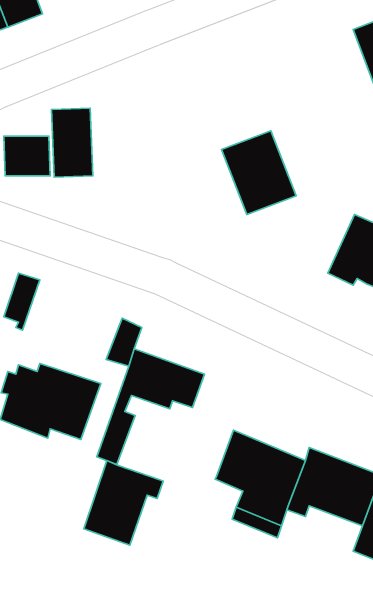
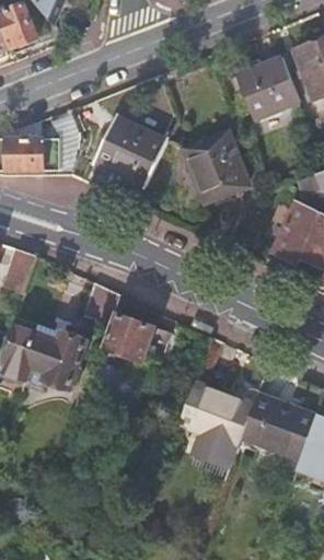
building: none -> [235,57,299,118]
building: none -> [94,117,166,186]
building: [84,461,163,545] -> none

